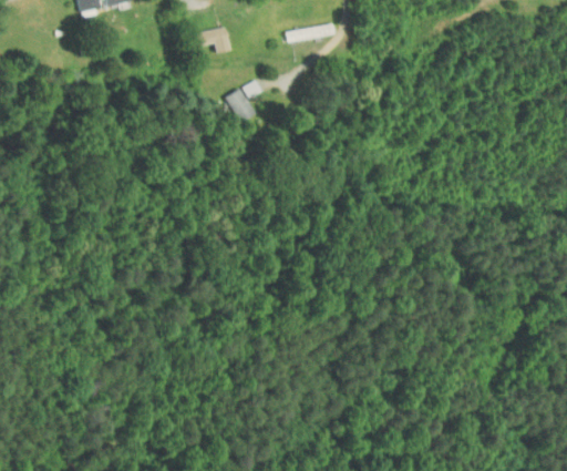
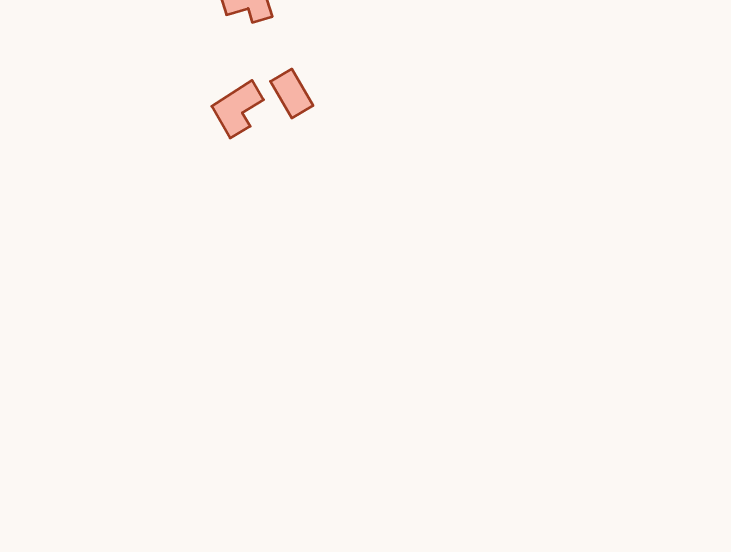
building: none -> [212,80,264,138]

